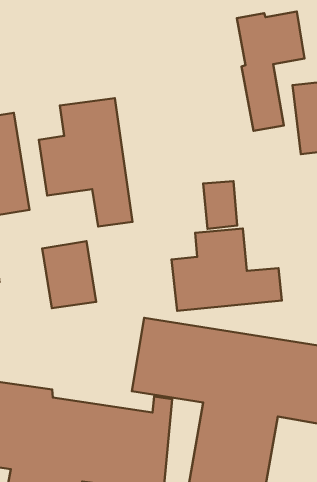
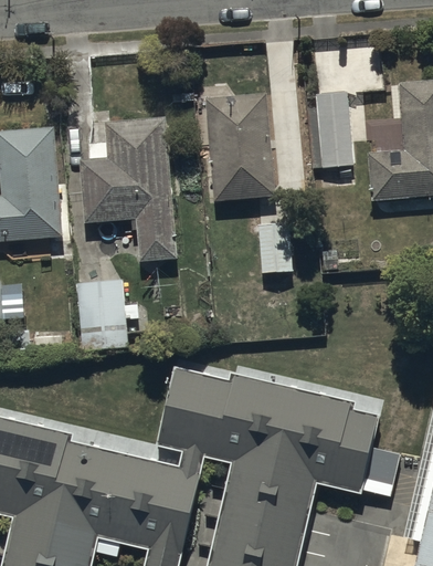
building: none -> [203,91,276,201]
building: [172,228,282,311] -> none

